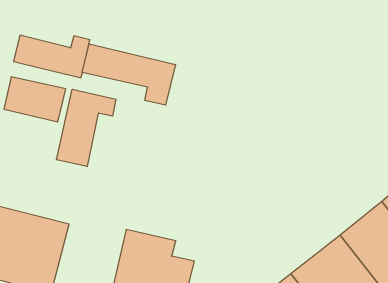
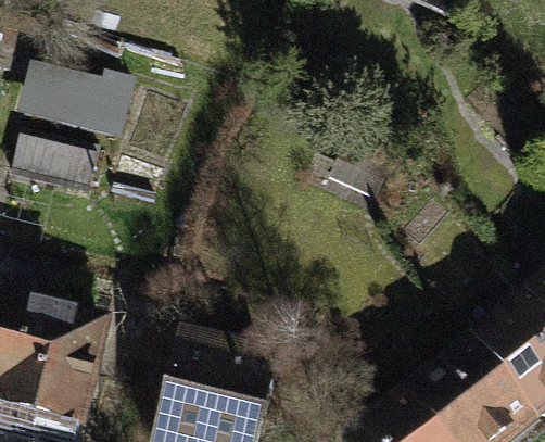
building: [82,44,175,105] -> none
building: [56,89,116,167] -> none

